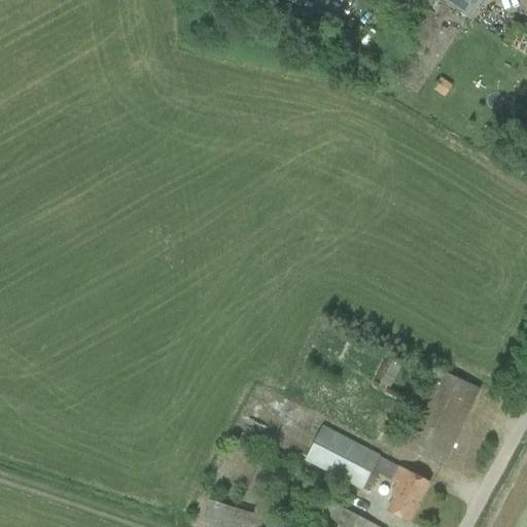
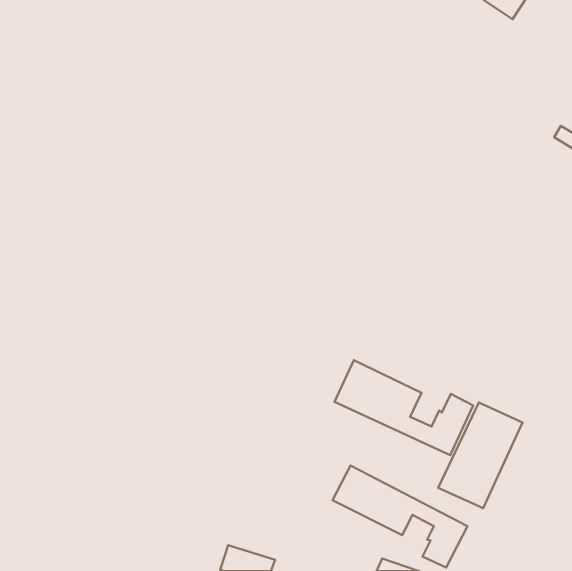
building: none -> [334,360,473,455]

